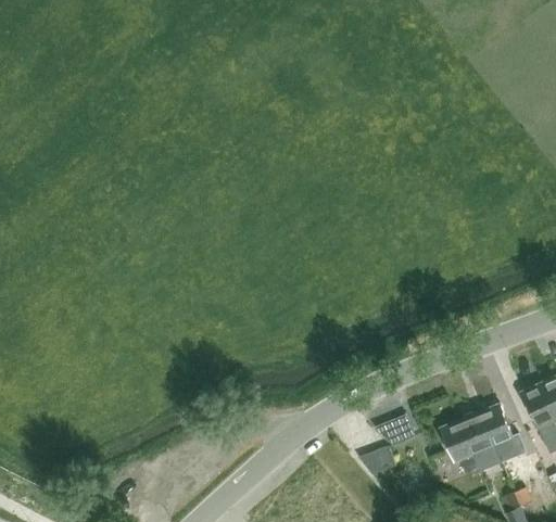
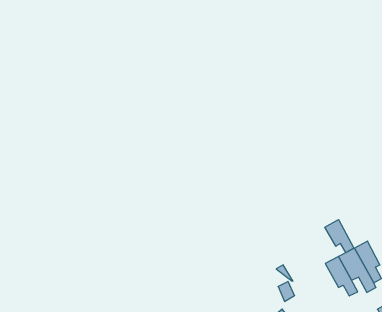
building: none -> [325,220,354,253]

